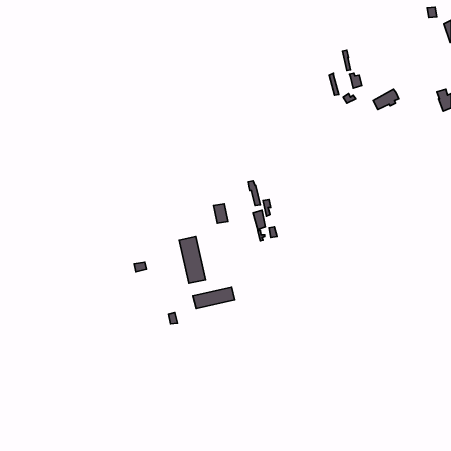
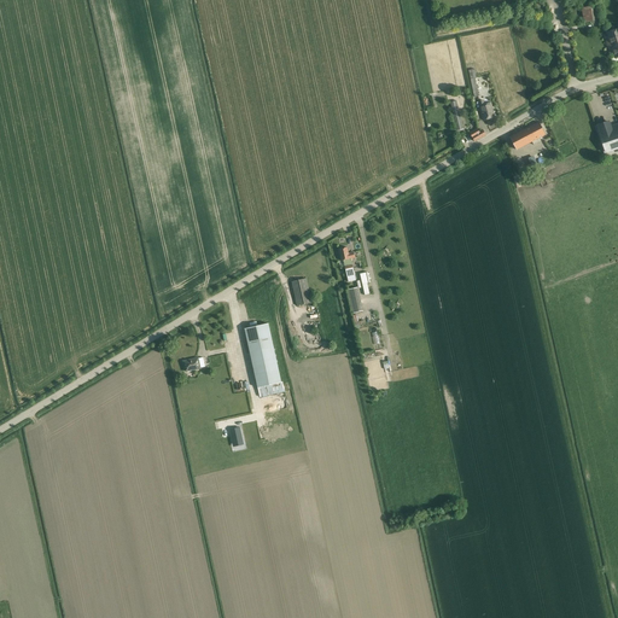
building: [193,287,234,308] -> none

